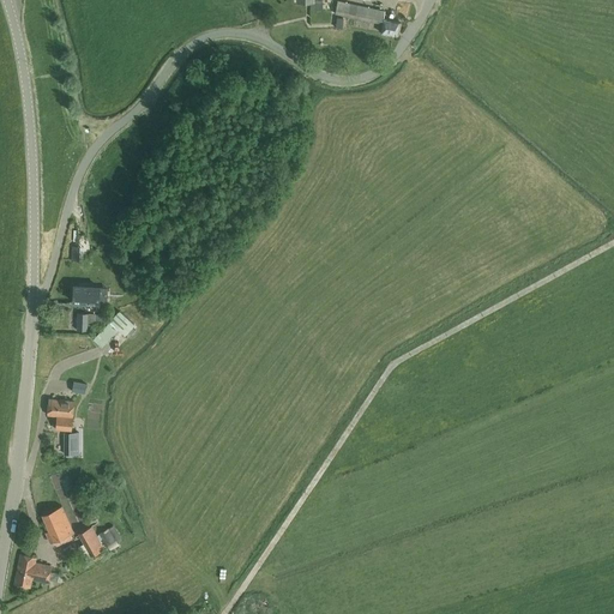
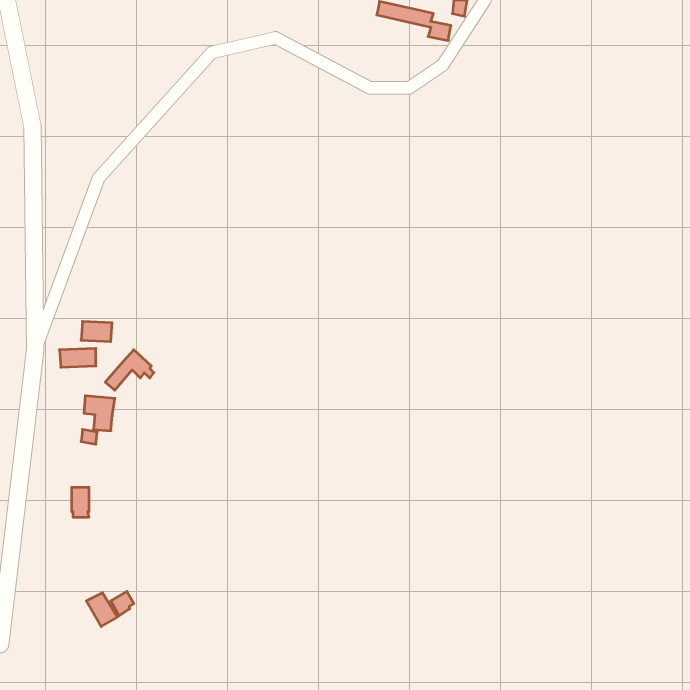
building: [47,399,74,431] -> [84,396,115,431]
building: [42,506,73,542] -> none
building: [14,554,56,588] -> none

